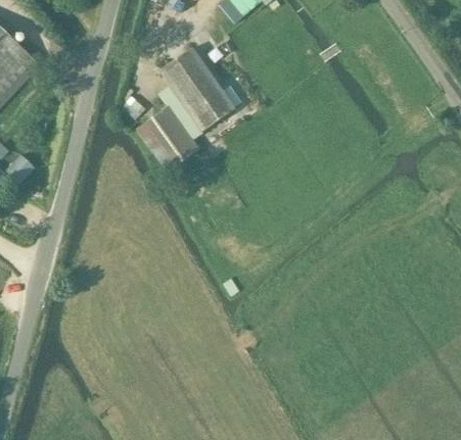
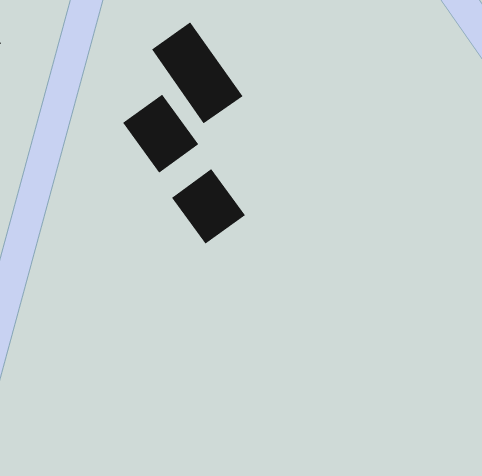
building: none -> [171,168,246,245]

